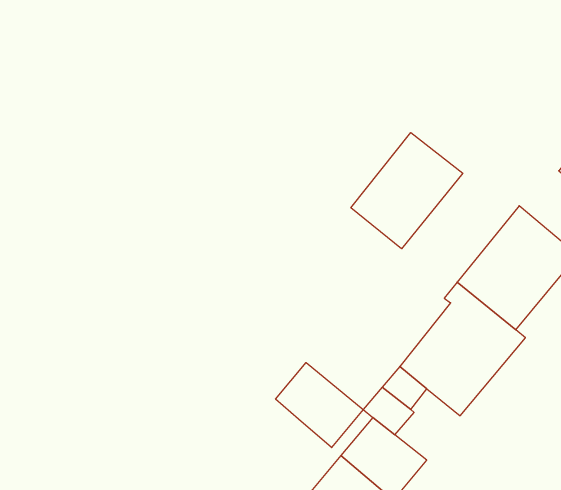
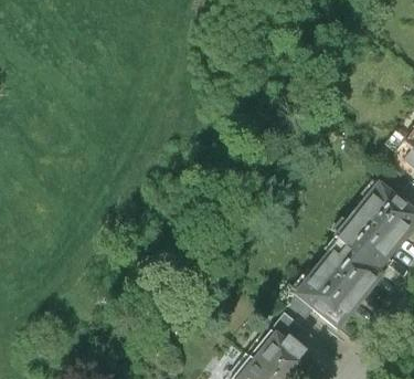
building: [351,133,463,249] -> none
building: [276,363,363,448] -> none

